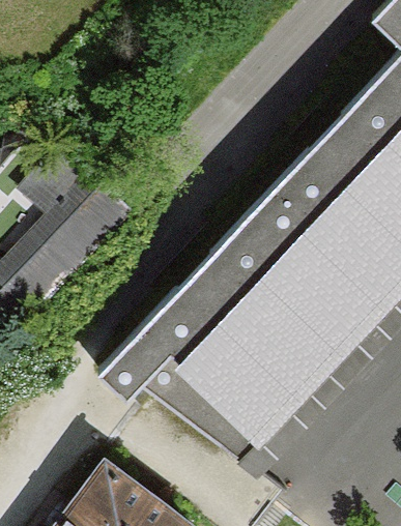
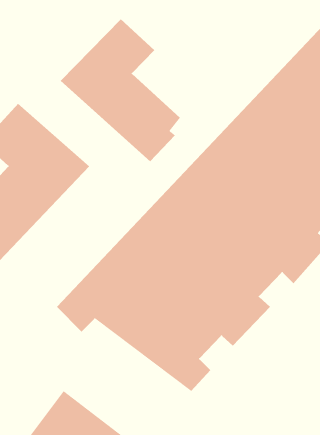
building: none -> [60,18,181,162]

